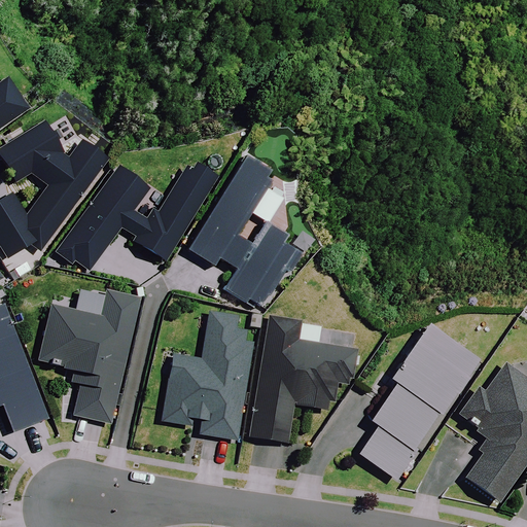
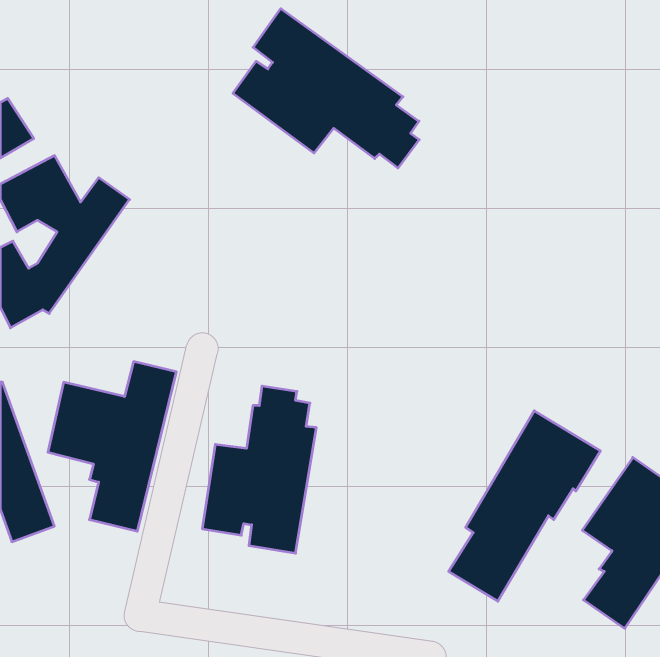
building: none -> [233,9,419,168]
building: [188,156,298,308] -> none
building: [61,161,214,268] -> none
building: [251,316,354,441] -> none

